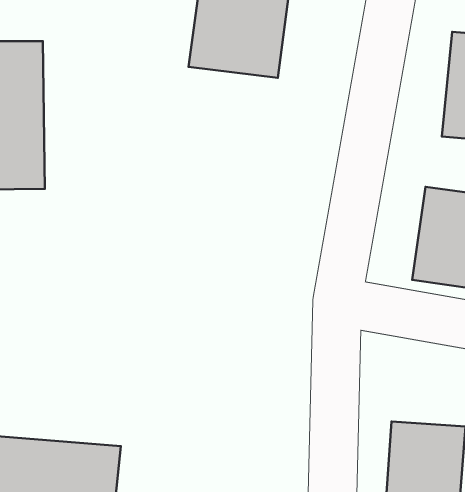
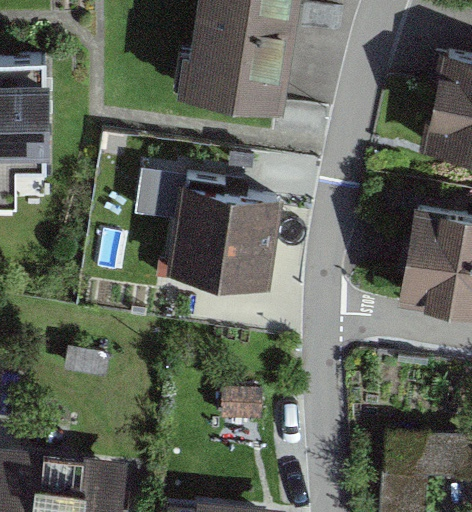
building: none -> [164,190,282,297]

